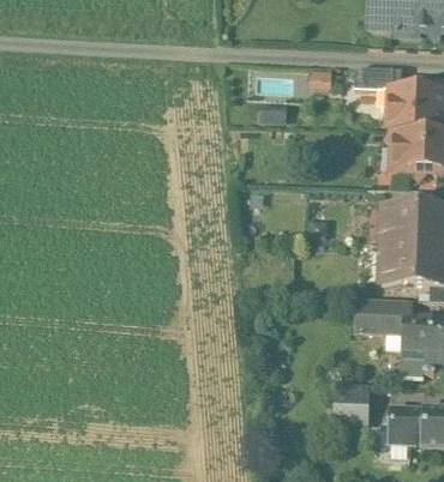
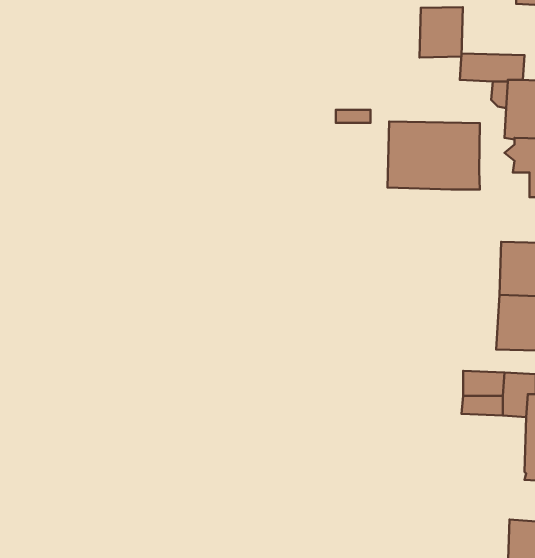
building: none -> [419,7,463,57]
building: none -> [387,121,480,190]
building: [335,384,377,426] -> none

